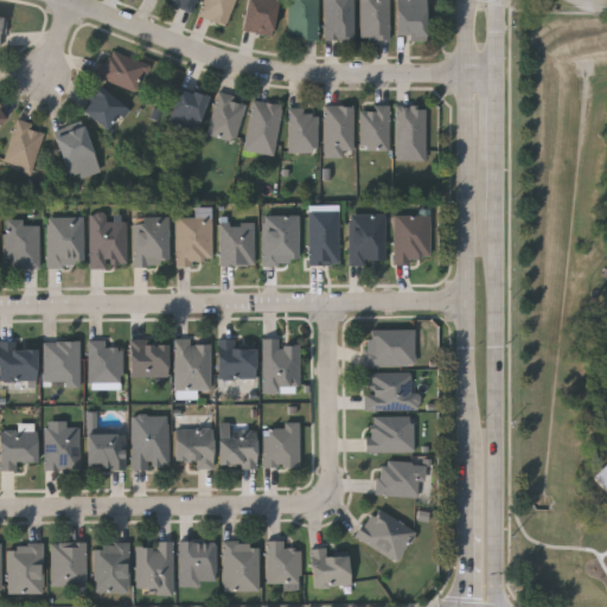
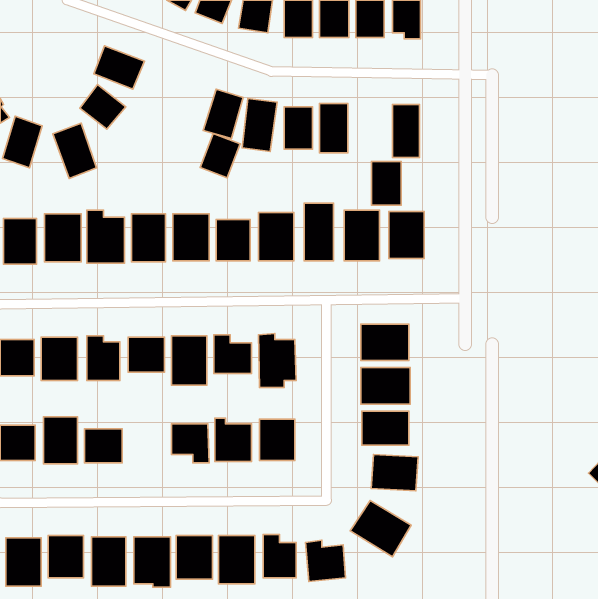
building: [168,87,209,132] -> [200,133,240,178]
building: [360,106,390,149] -> [372,162,401,205]
building: [133,415,168,468] -> none

